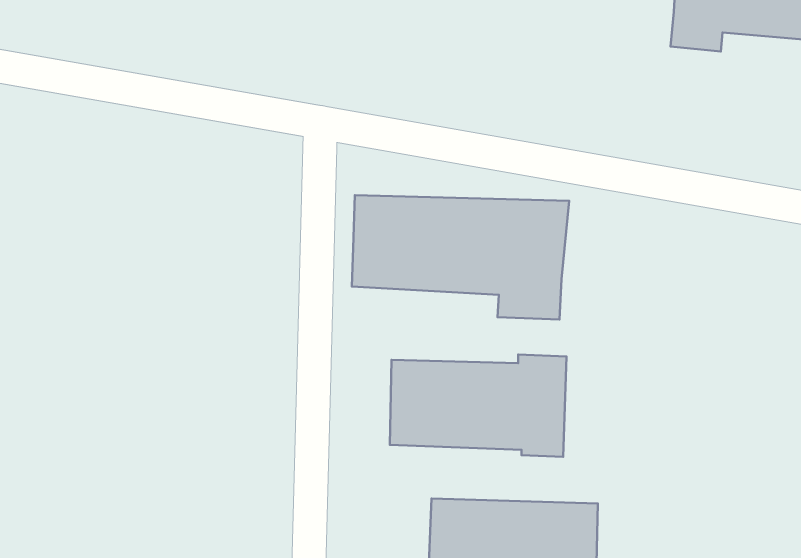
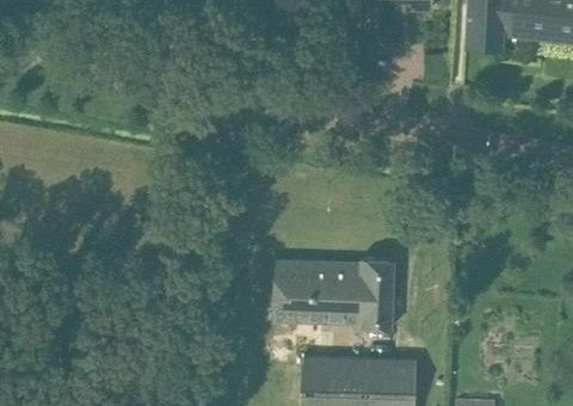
building: [352,195,569,320] -> none

